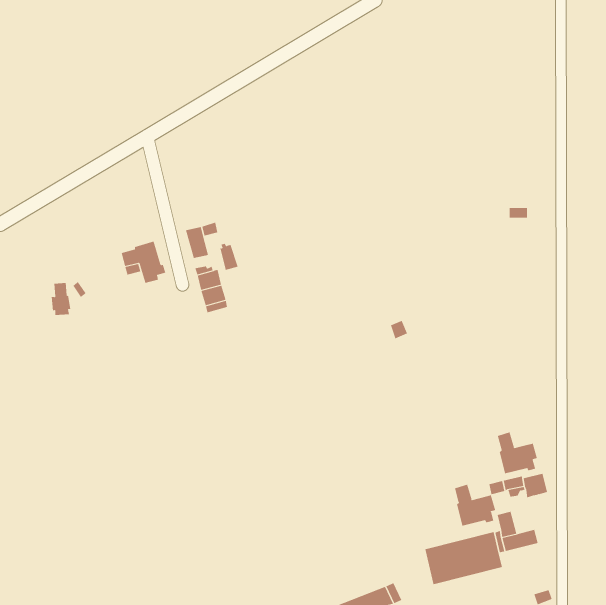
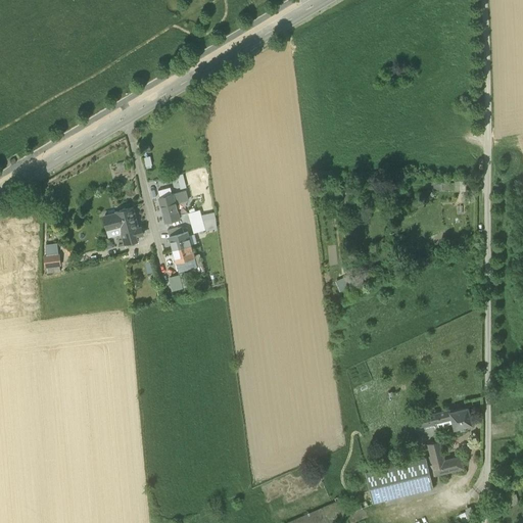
building: [497,432,538,474] -> none
building: [454,484,496,527] -> none

